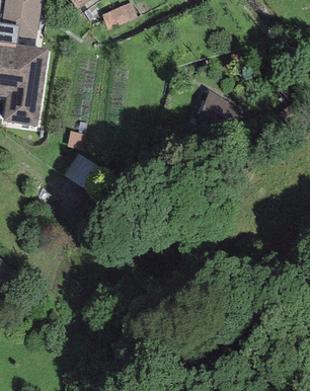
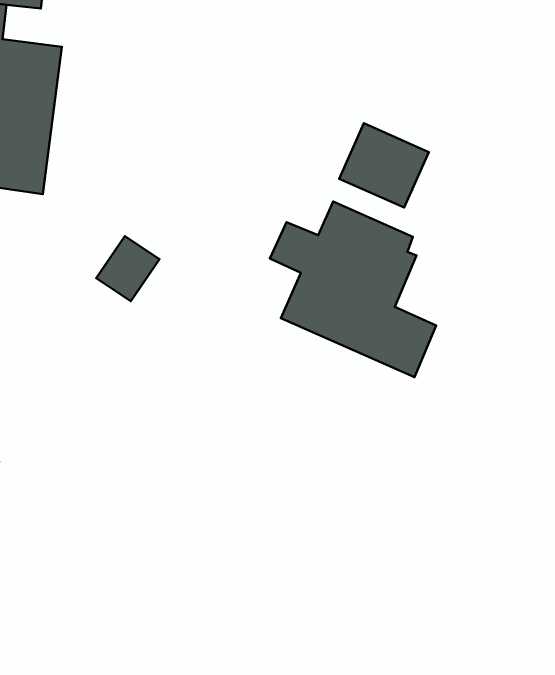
building: none -> [270,202,436,377]

